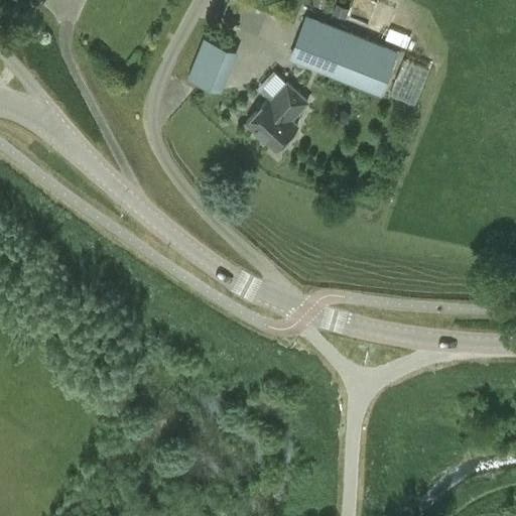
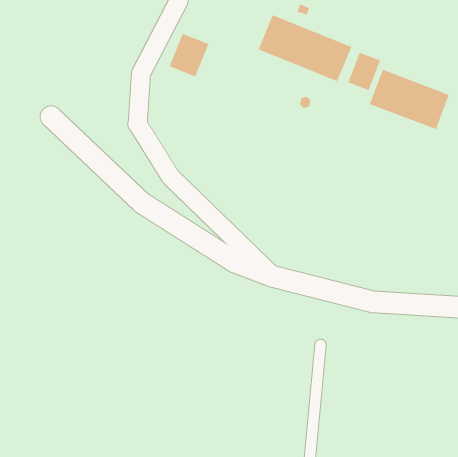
building: none -> [369,69,449,130]
building: [248,83,309,150] -> none

